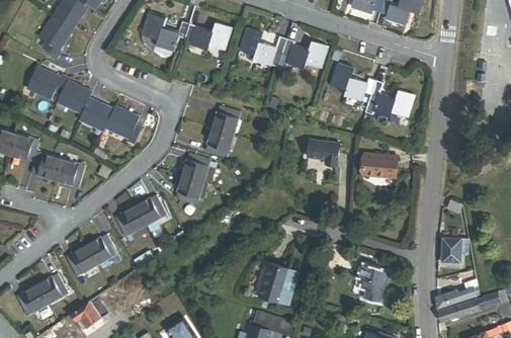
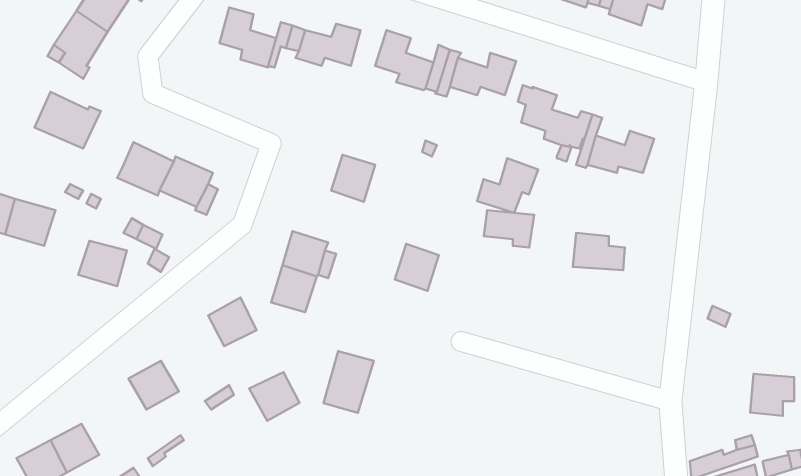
building: [58,80,92,113] -> none
building: none -> [477,158,538,213]
building: [205,128,233,157] -> [395,244,439,291]
building: [30,152,62,180] -> none
building: [114,205,146,236] -> [249,372,300,421]
building: [440,237,467,263] -> [750,374,794,416]
building: [66,245,97,275] -> none
building: [258,261,289,300] -> [324,351,374,413]
building: [359,263,391,302] -> none

